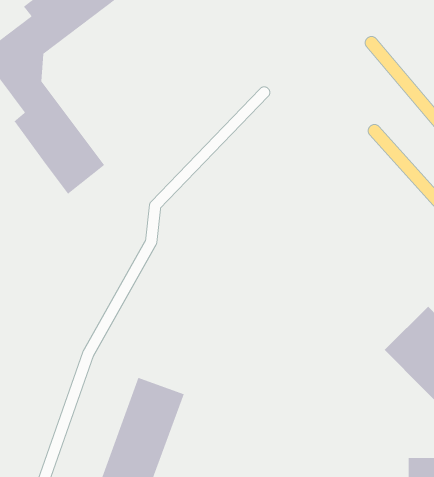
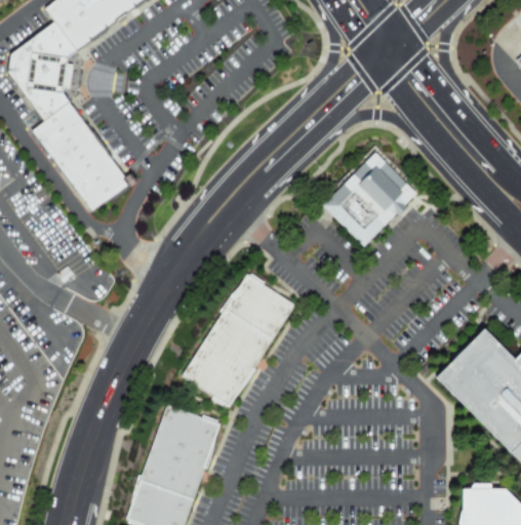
building: none -> [319,154,412,248]
building: none -> [182,275,295,410]

